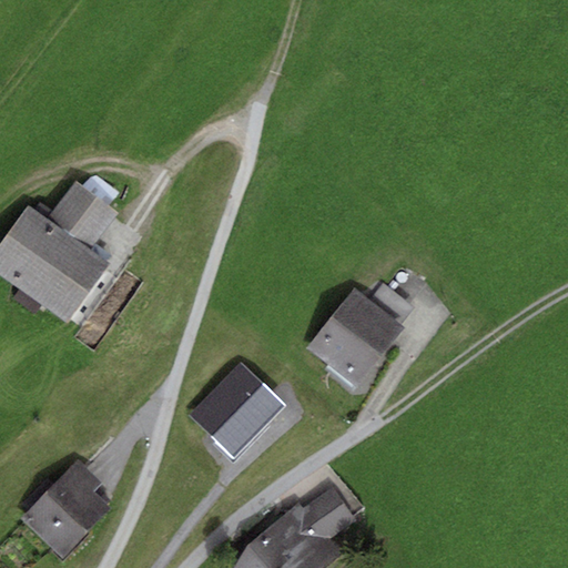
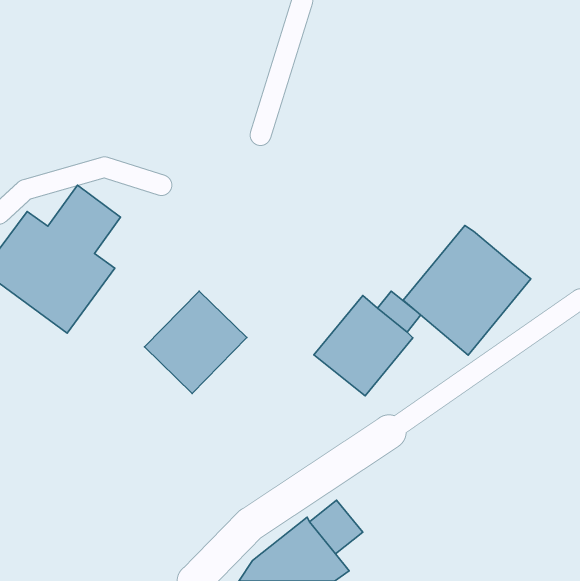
building: none -> [403,225,531,355]
building: [186,359,286,459] -> [145,291,247,393]
building: [21,462,110,558] -> none

